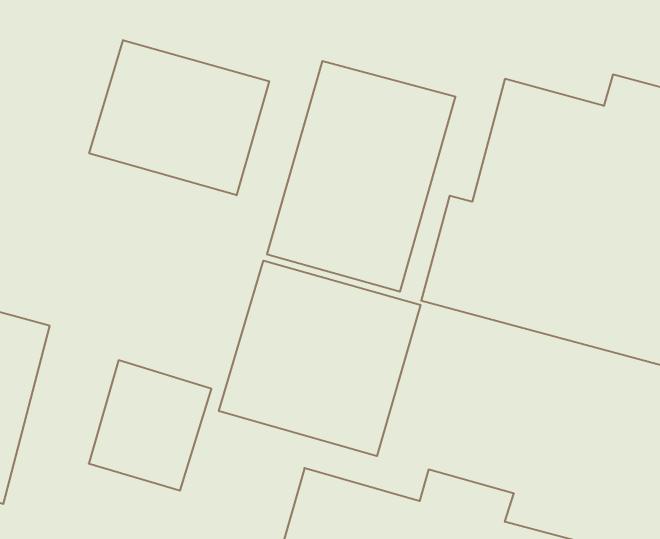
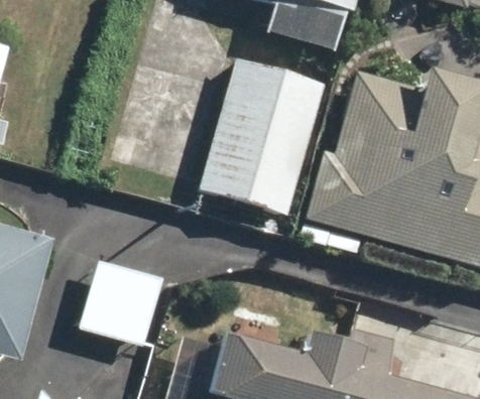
building: [89,40,269,195] -> none
building: [219,261,420,456] -> none

